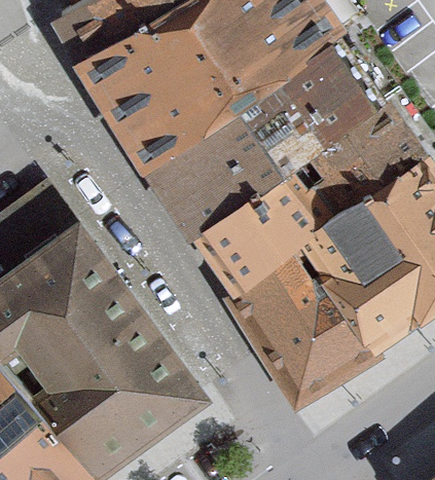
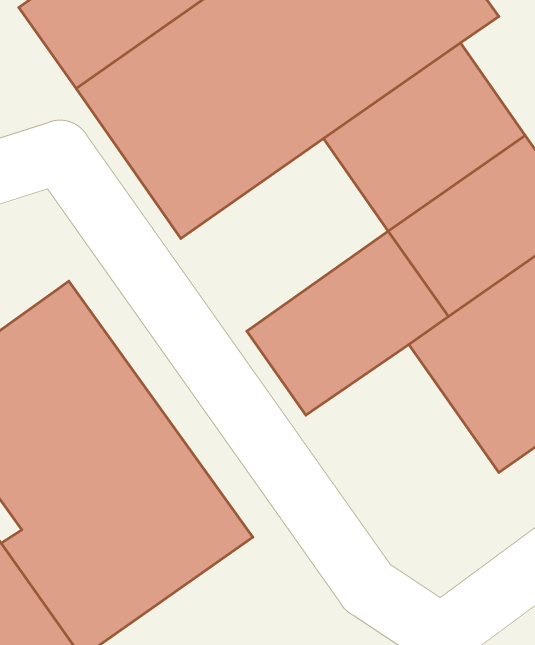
building: [155,122,300,257] -> none
building: [243,266,377,405] -> none

